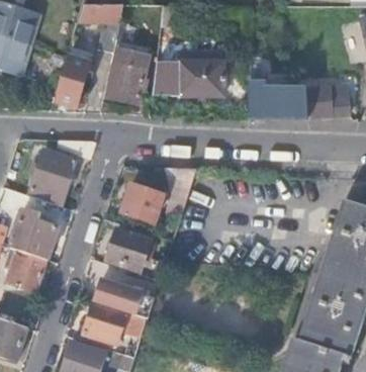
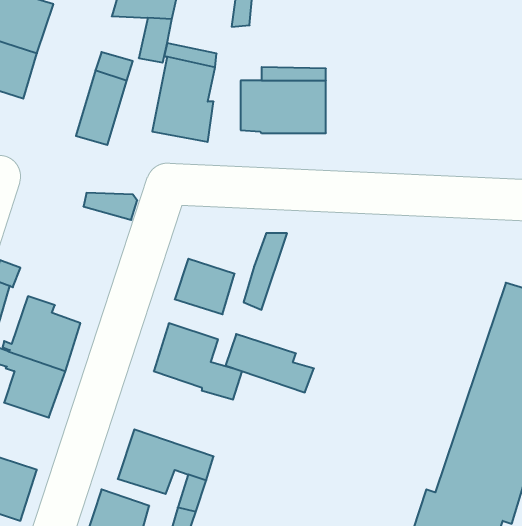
building: [250,71,349,118] -> none
building: [29,148,77,205] -> none
building: [94,278,154,317] -> [226,334,314,392]

